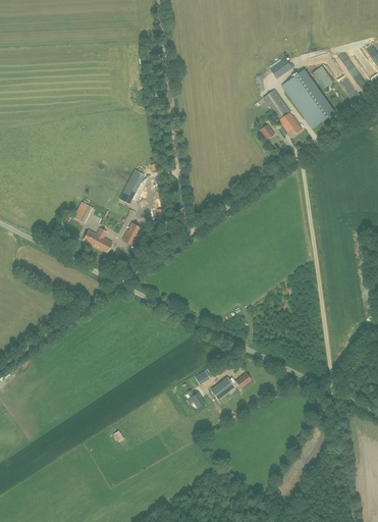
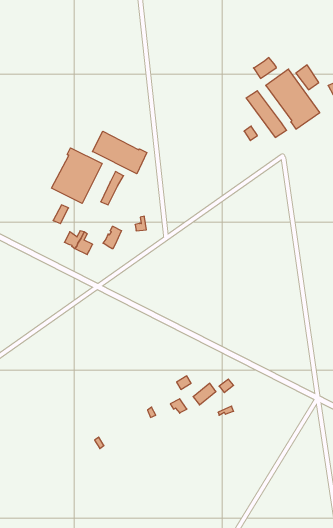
building: none -> [92,131,147,174]
building: none -> [52,148,102,203]

